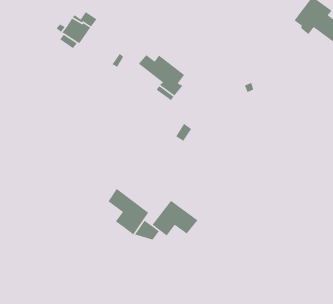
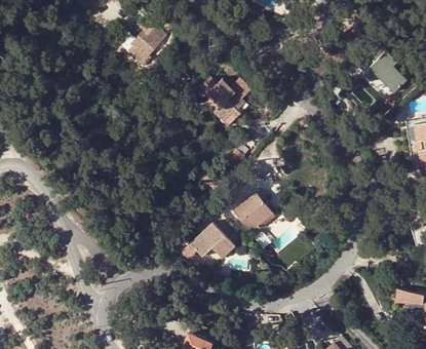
building: none -> [233,194,274,231]
building: [107,188,149,235] -> none

